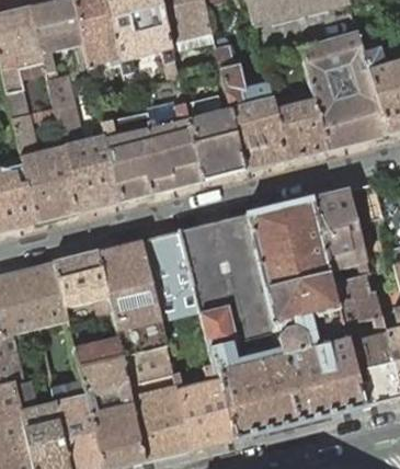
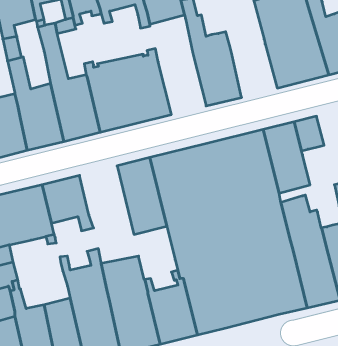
building: [272,92,328,160] -> none
building: [188,104,244,180] -> none
building: [96,240,165,354] -> none

